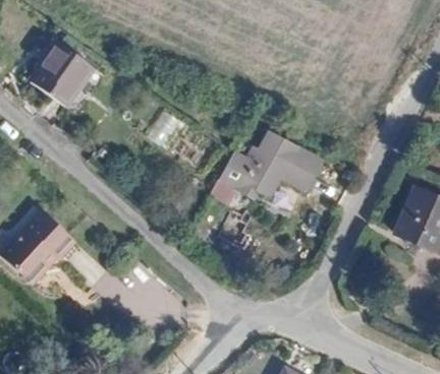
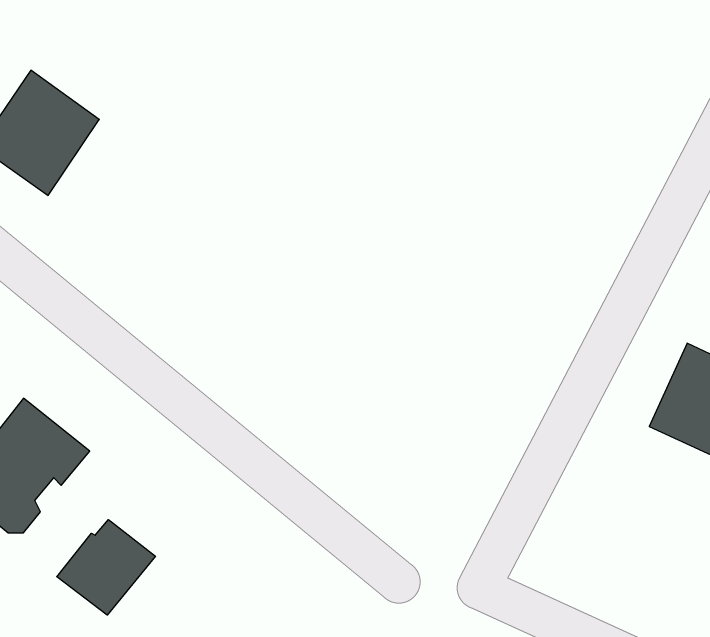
building: [231,127,320,194] -> none
building: none -> [57,520,155,615]

